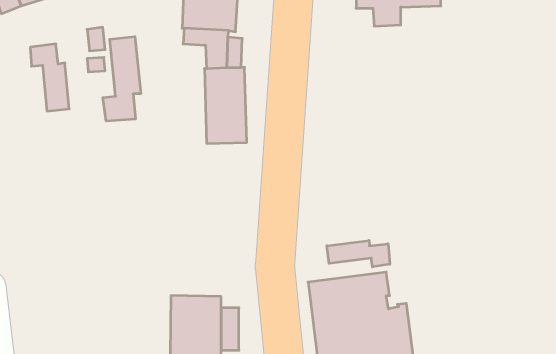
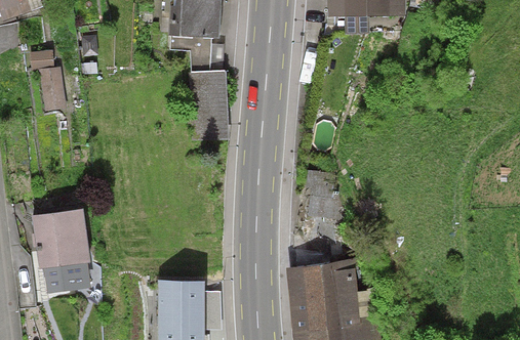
building: [103,37,141,121] -> none
building: none -> [32,209,90,293]
building: [327,240,390,267] -> none

